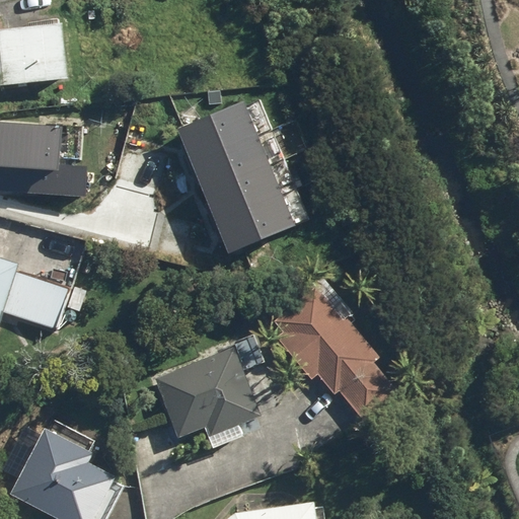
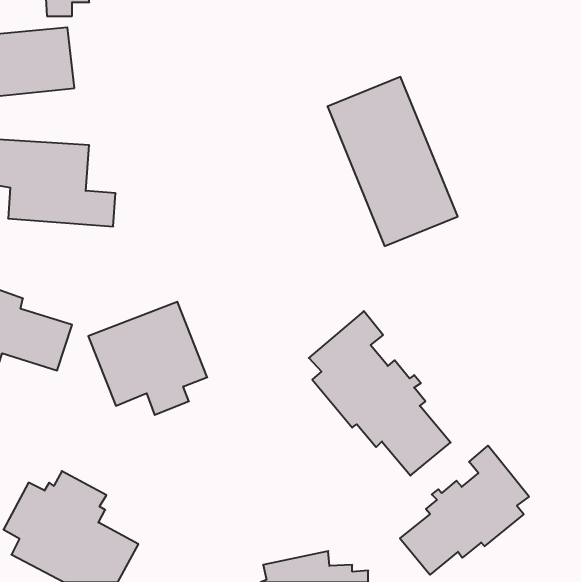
building: [175,101,291,251] -> [327,77,458,246]
building: [154,347,260,447] -> [88,302,207,415]
building: none -> [400,446,529,575]

